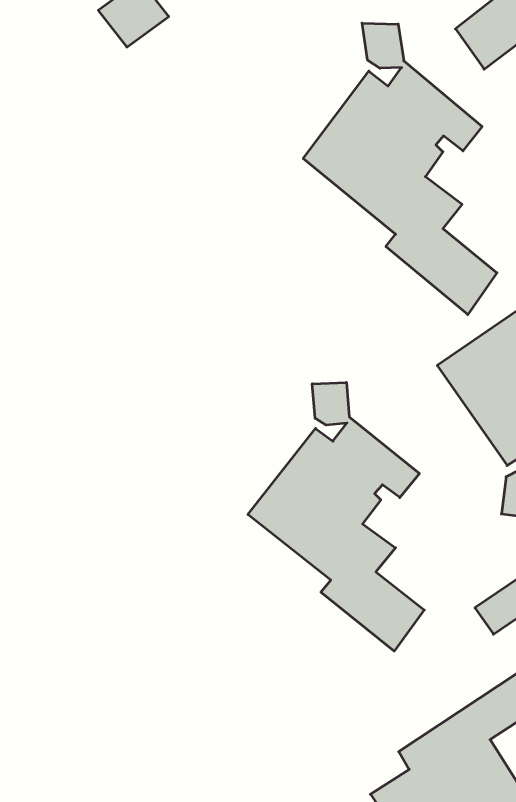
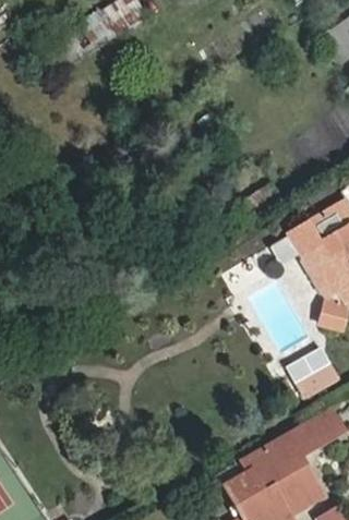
building: [303,23,497,315] -> none
building: [248,382,424,651] -> none

